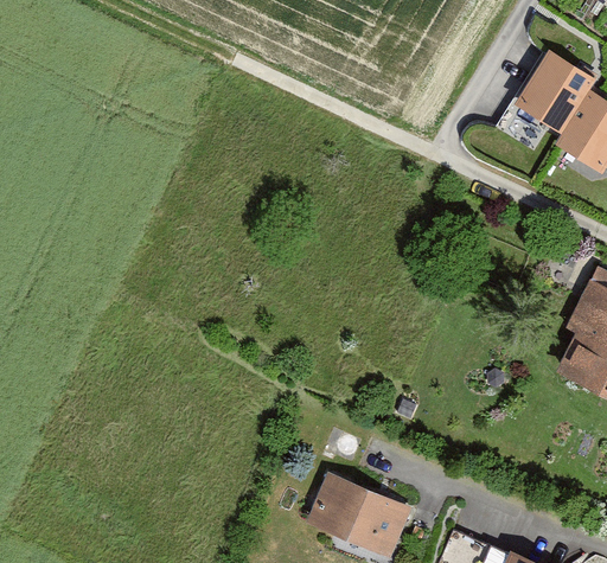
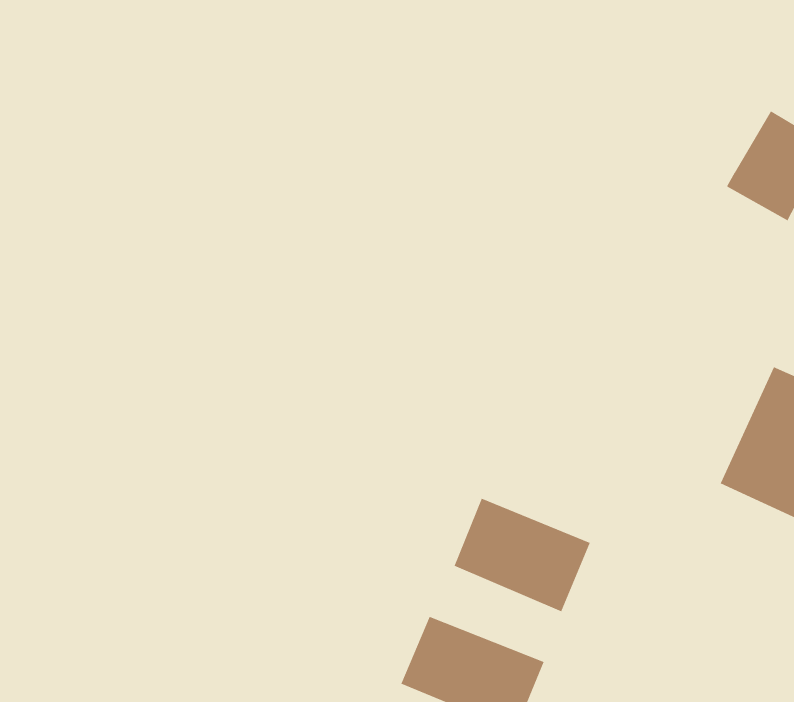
building: [511,56,590,139] -> none
building: none -> [454,498,590,612]

